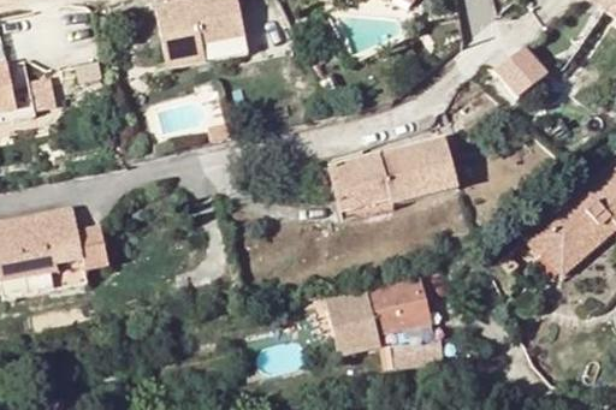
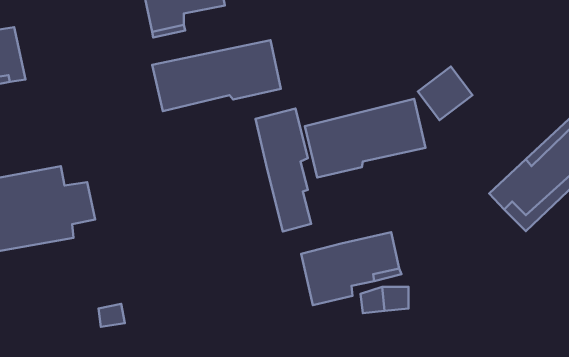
building: [488,43,546,100] -> [418,67,473,120]
building: none -> [152,40,281,111]
building: none -> [256,109,311,232]

